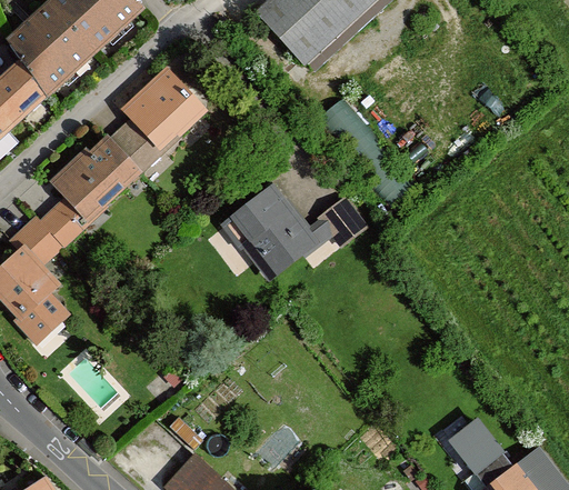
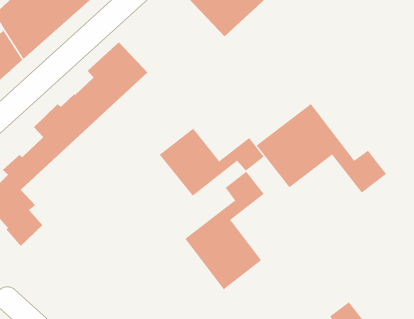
building: none -> [256,103,387,194]
building: none -> [184,171,264,290]

